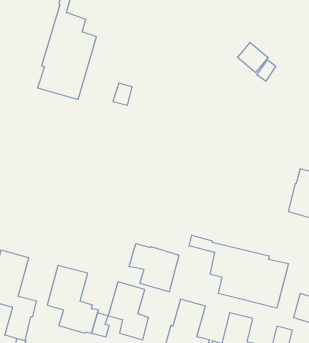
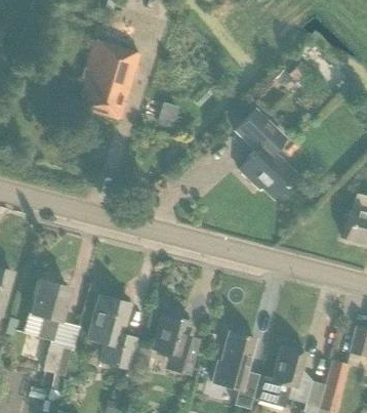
building: none -> [236,109,296,198]
building: [189,235,288,308] -> none
building: [129,243,179,292] -> none

